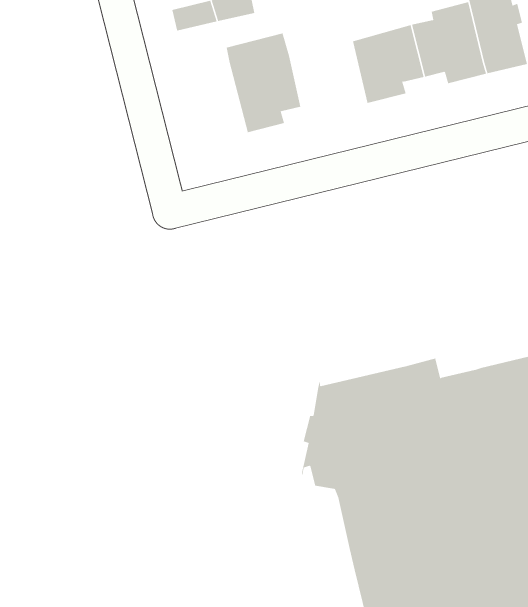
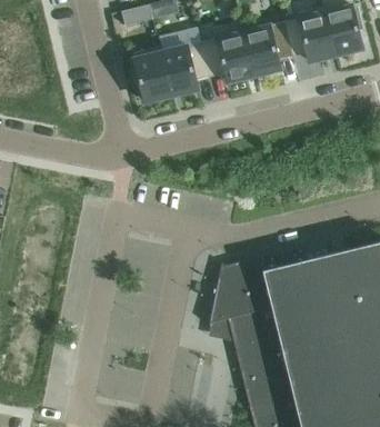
building: none -> [202,21,254,82]
building: none -> [132,47,173,102]

